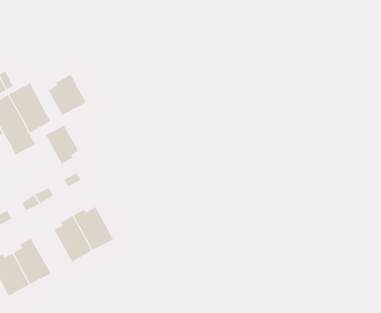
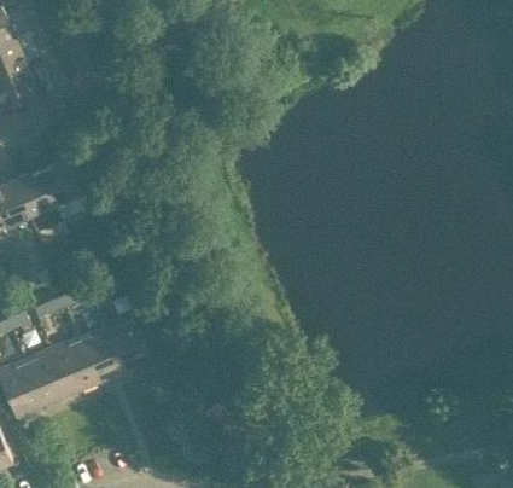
building: [48,74,87,116] -> none
building: [45,125,79,165] -> none
building: none -> [49,342,97,395]

